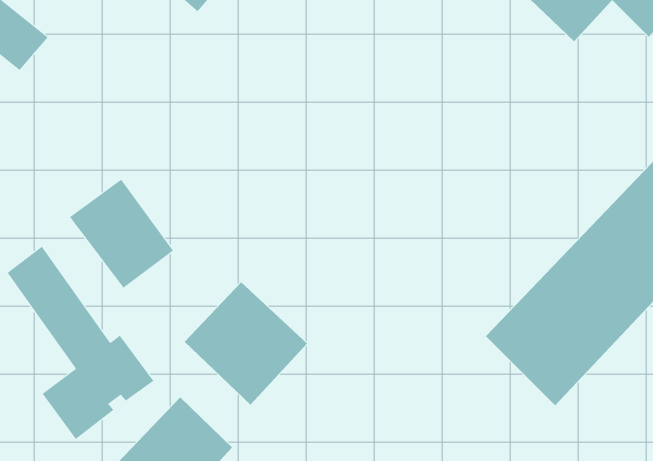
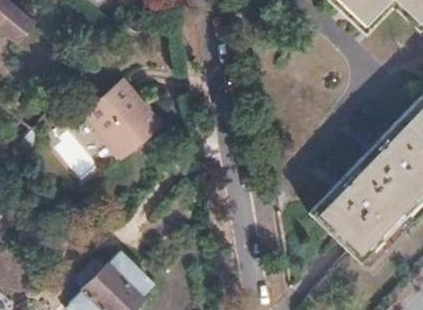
building: [7,246,154,440] -> none
building: [184,282,308,405] -> [83,74,161,152]

